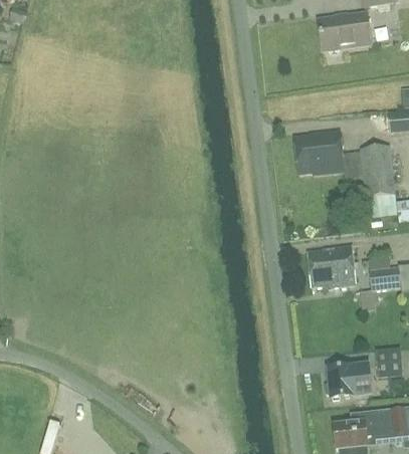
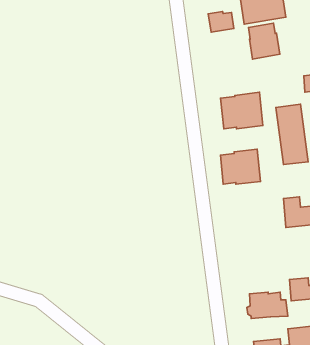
building: none -> [208,11,234,32]
building: none -> [248,23,280,59]
building: [309,246,356,287] -> [221,149,261,184]

